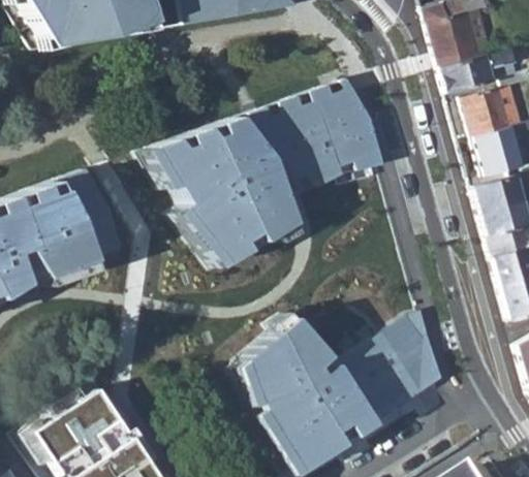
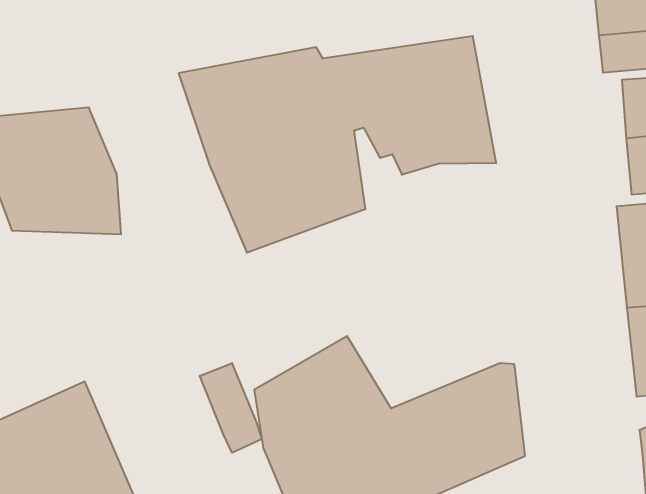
building: none -> [200,363,262,453]

